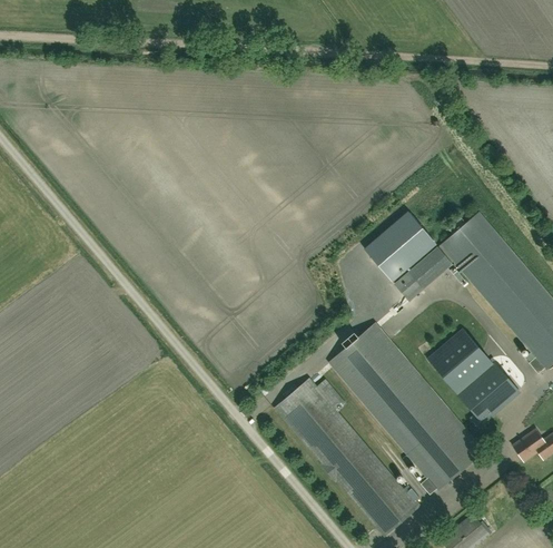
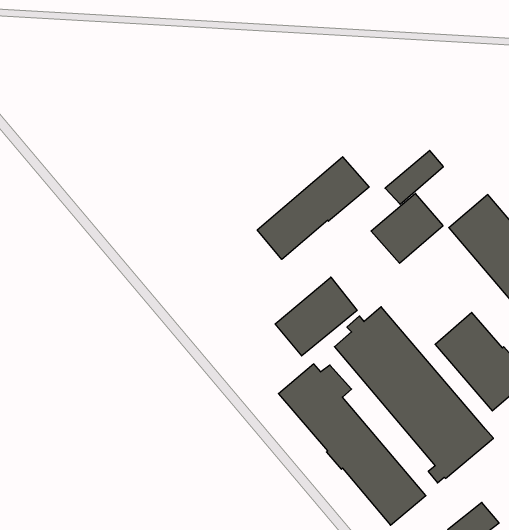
building: none -> [257,157,369,259]
building: [395,247,452,300] -> [385,150,443,204]
building: none -> [275,277,357,356]

